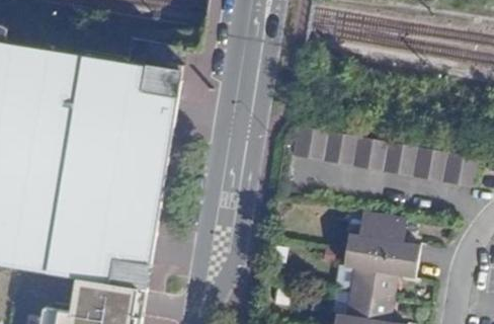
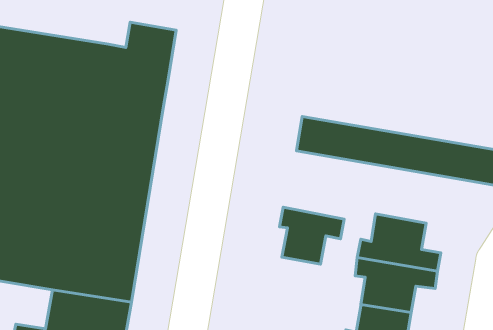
building: none -> [280,207,344,264]

